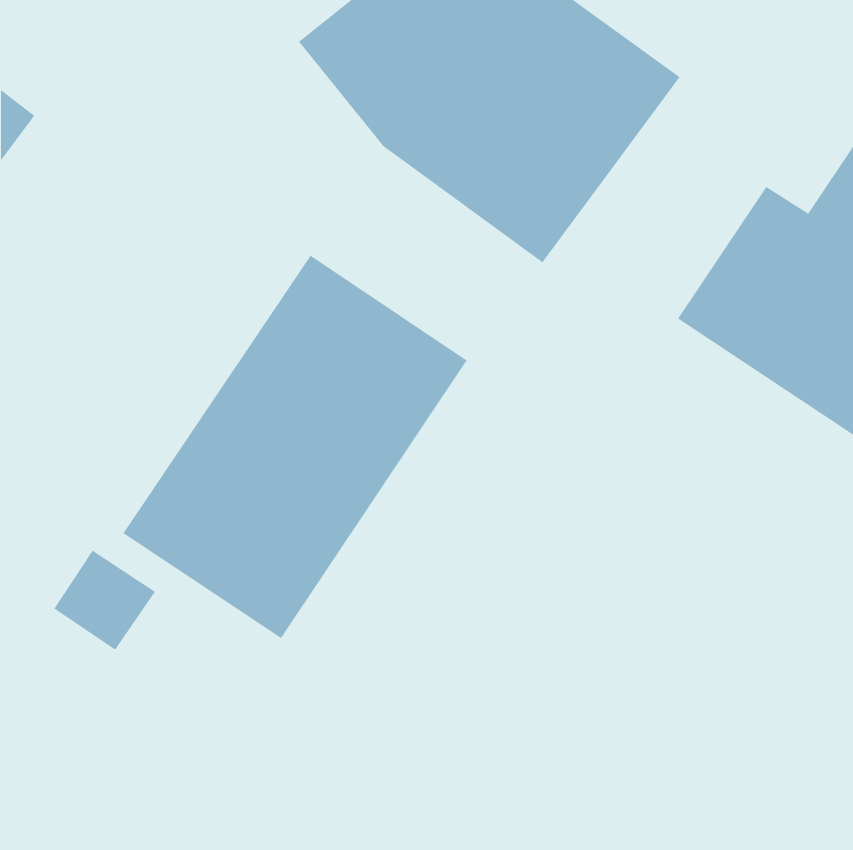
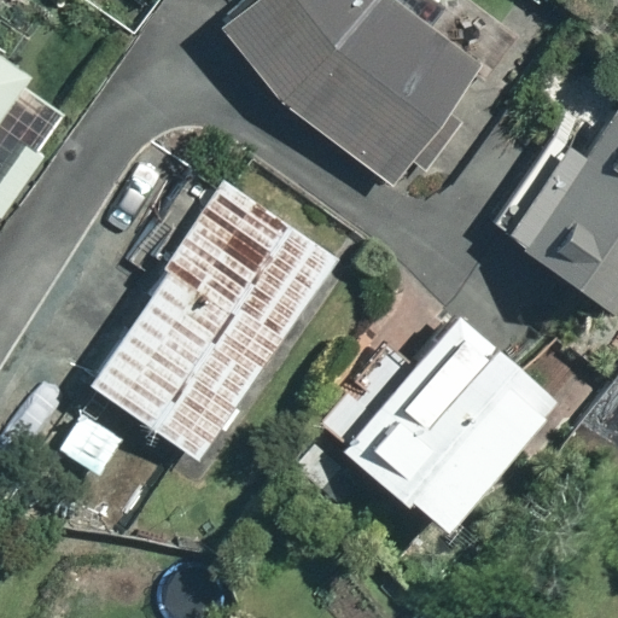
building: none -> [331,303,567,544]

